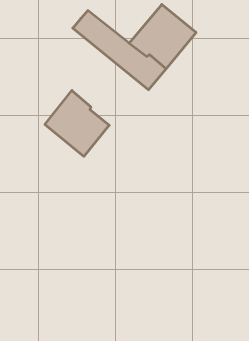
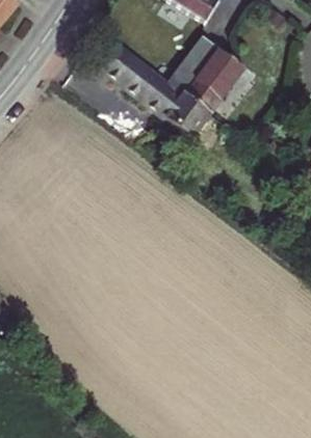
building: [45,90,109,156] -> none

